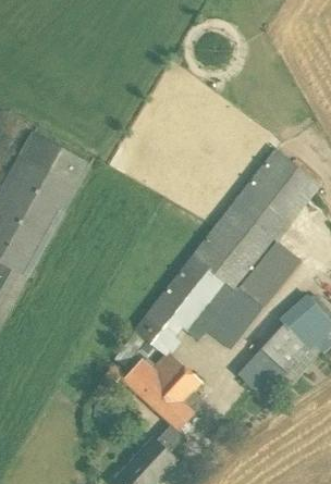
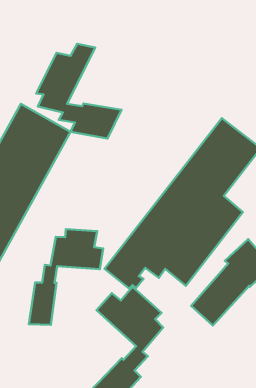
building: none -> [36,44,121,139]
building: none -> [29,229,103,325]

